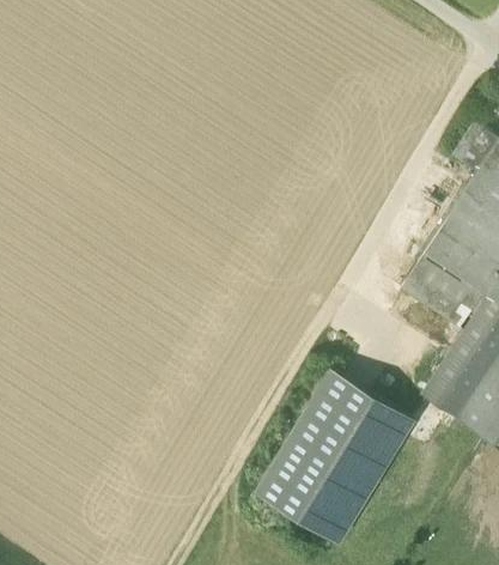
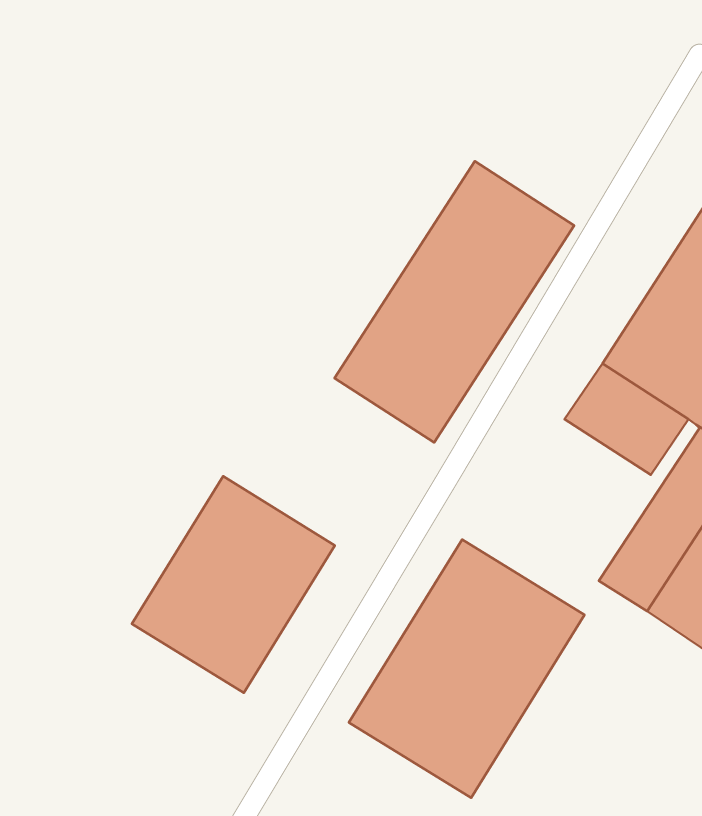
building: none -> [334,161,574,442]
building: none -> [132,476,335,693]

